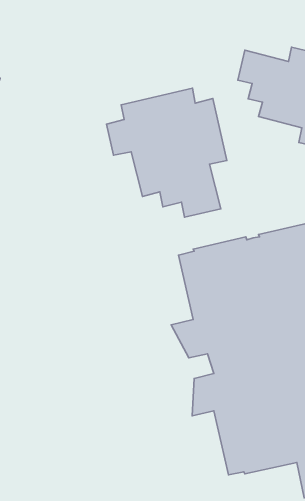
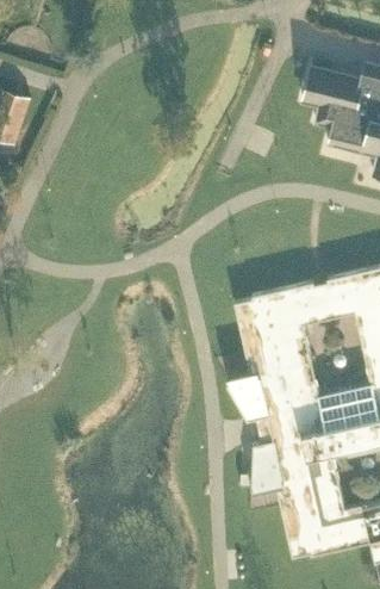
building: [107,88,227,217] -> none

